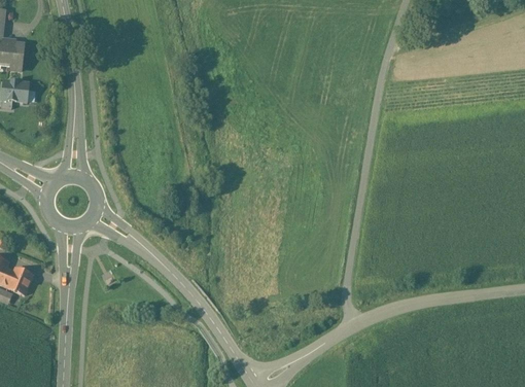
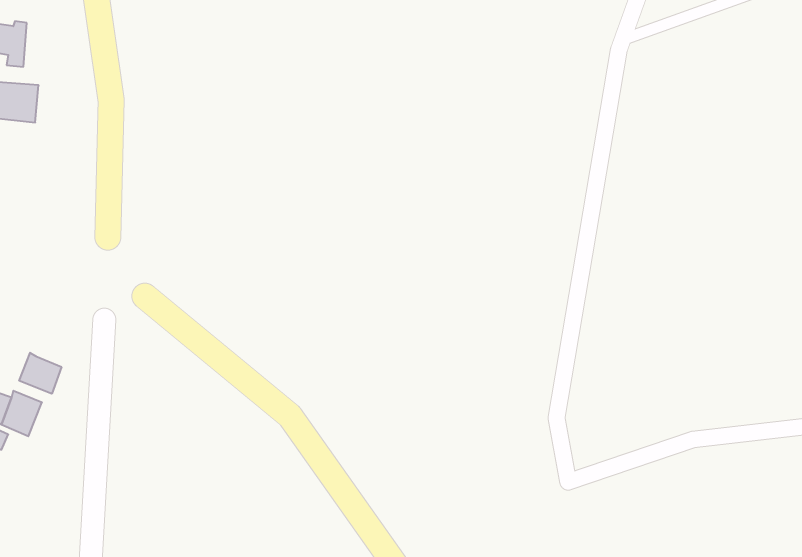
building: none -> [19,353,61,394]

